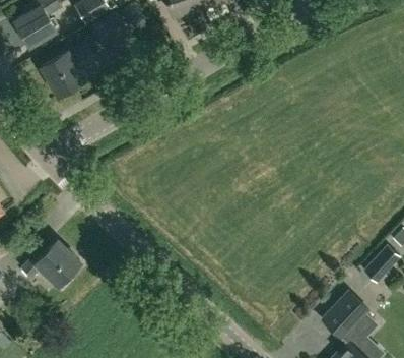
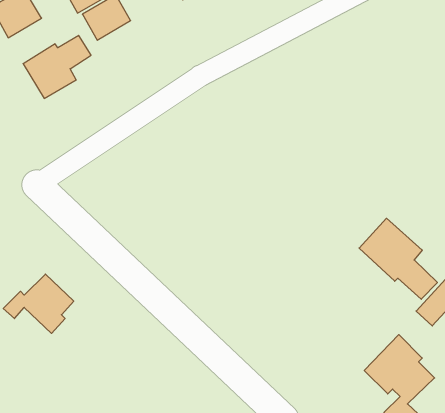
building: none -> [359,218,437,299]

